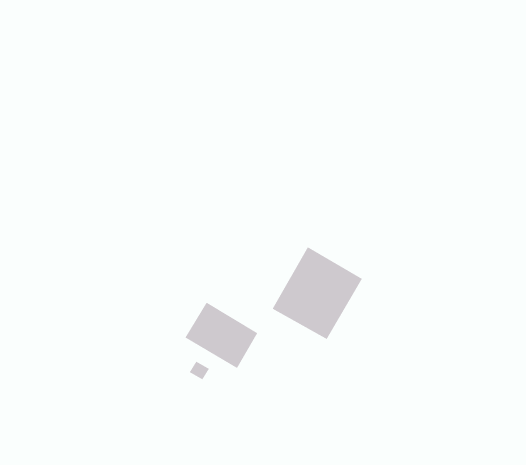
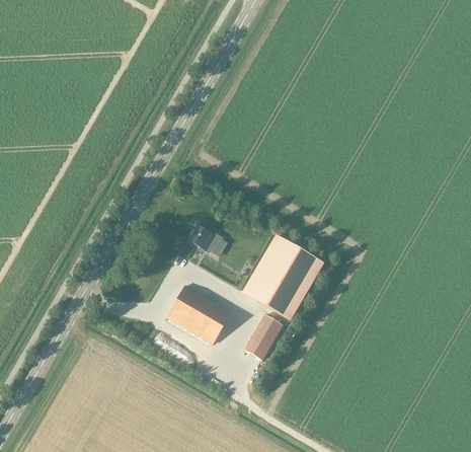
building: none -> [188,225,224,251]
building: none -> [244,313,284,360]

